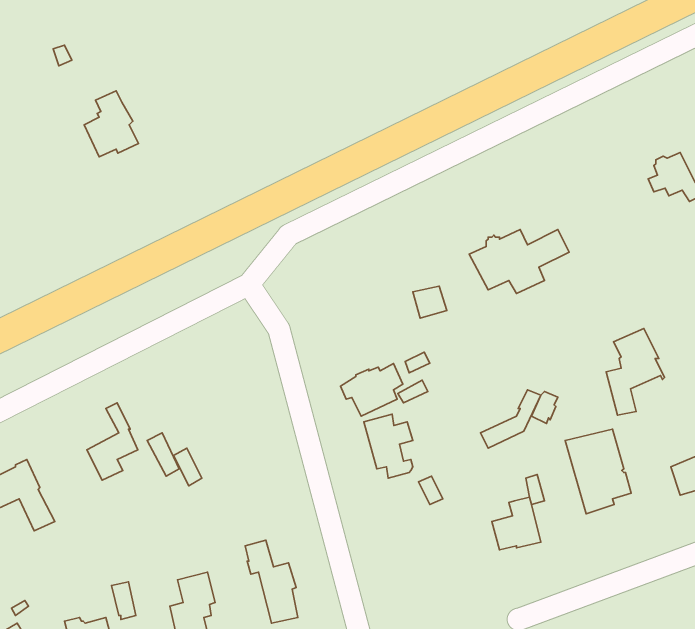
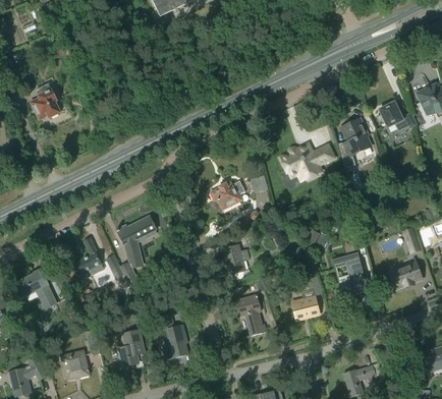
building: [84,91,139,157] -> [31,83,60,119]
building: [606,329,664,415] -> [338,120,370,167]
building: none -> [116,217,157,268]
building: [341,363,403,416] -> [211,180,244,209]
building: none -> [236,295,266,336]

